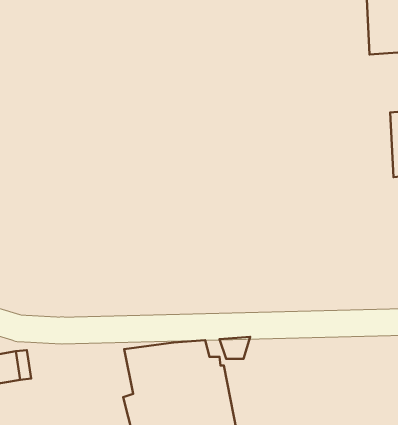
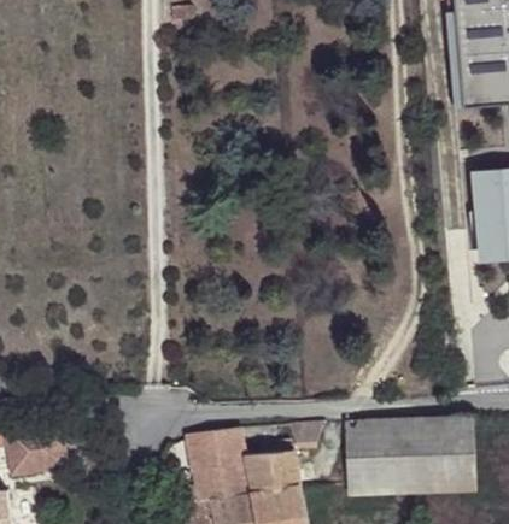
building: none -> [350,419,479,483]

